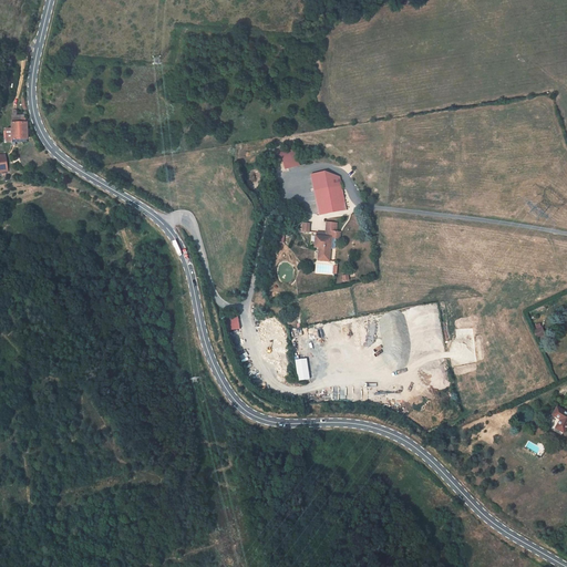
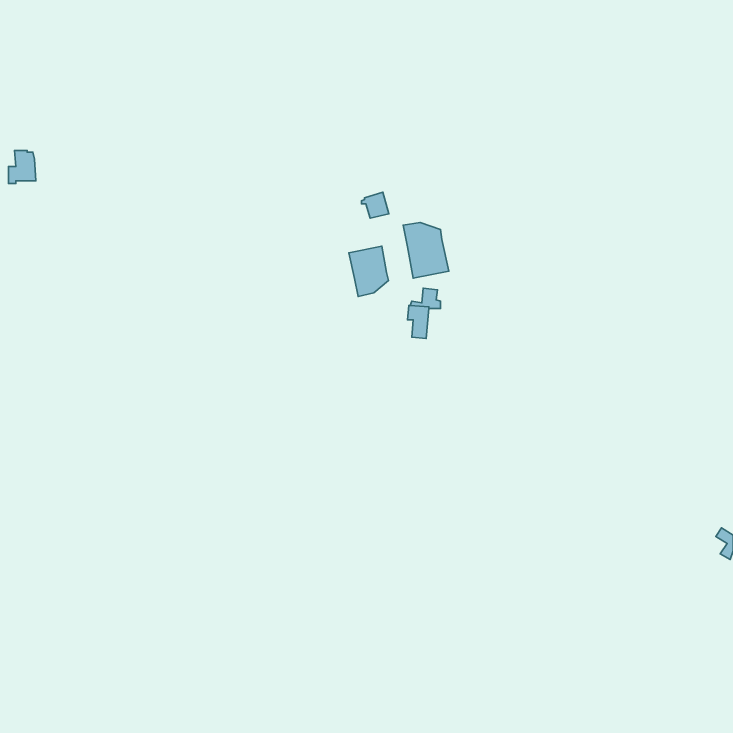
building: none -> [349,246,389,296]

